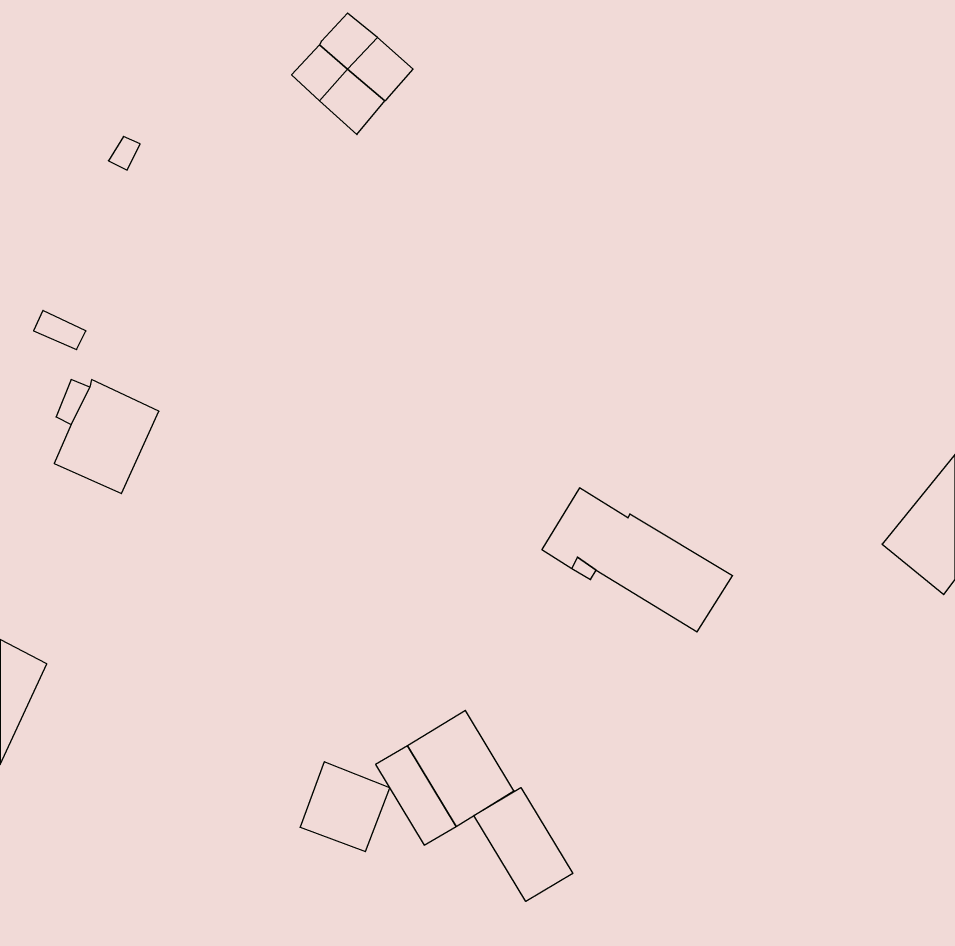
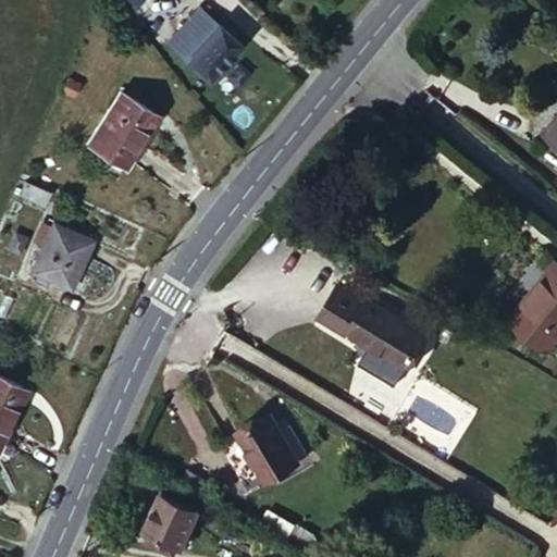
building: none -> [86,90,158,166]
building: [300,762,390,852] -> [146,496,198,548]
building: [474,788,573,901] -> none

